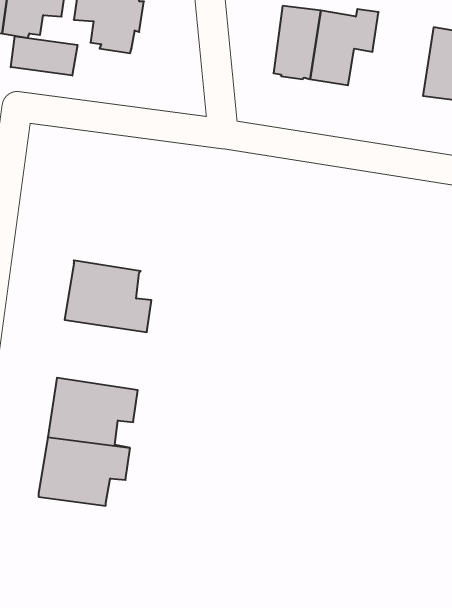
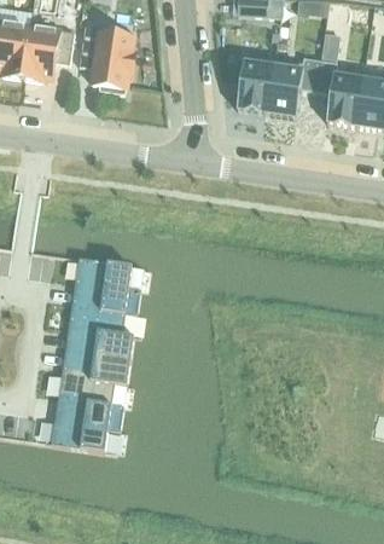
building: none -> [315,59,363,126]
building: [11,36,78,76] -> none
building: none -> [65,303,136,359]

